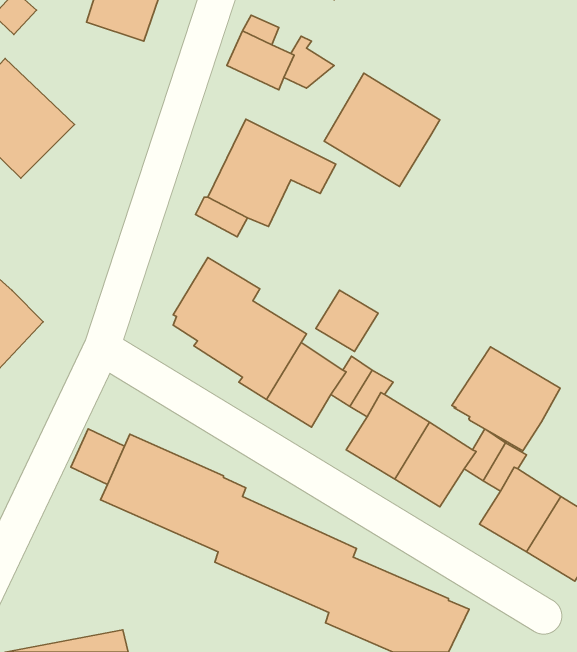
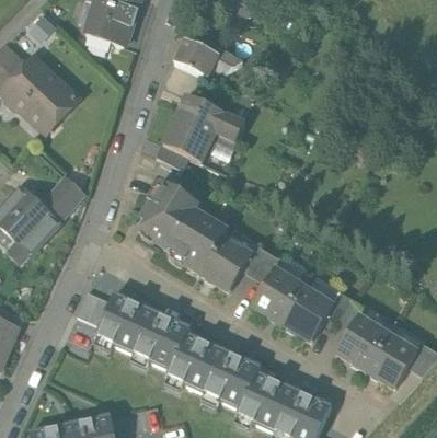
building: [324,73,440,186] -> none
building: none -> [39,174,84,222]
building: [316,290,378,351] -> none
building: [452,347,560,451] -> none

